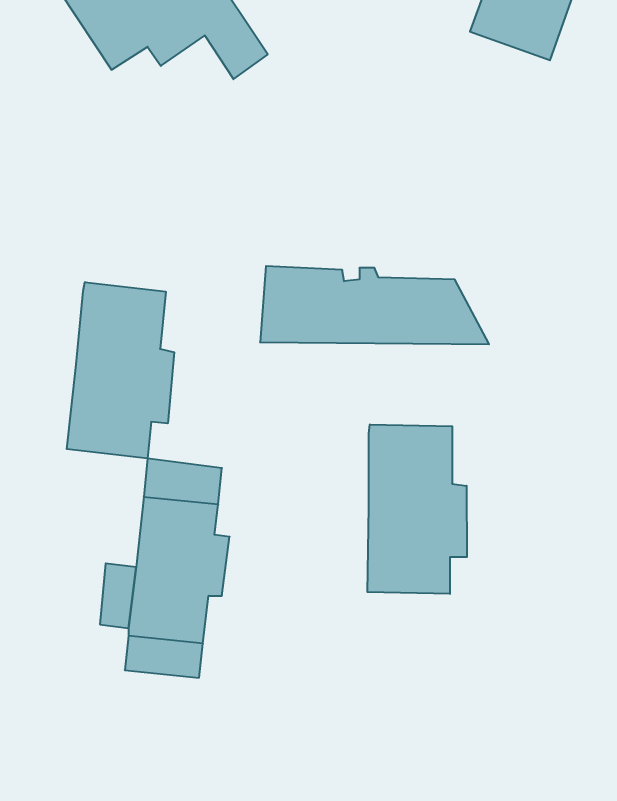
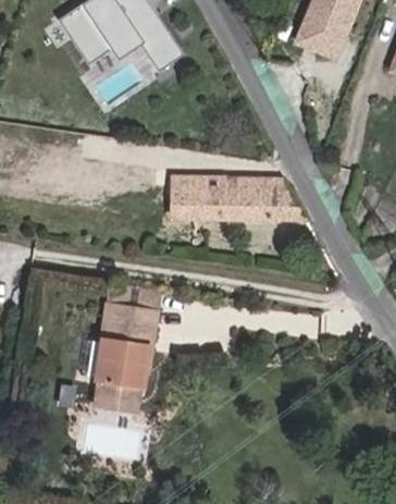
building: [67,282,174,459] -> none
building: [367,424,467,594] -> none

